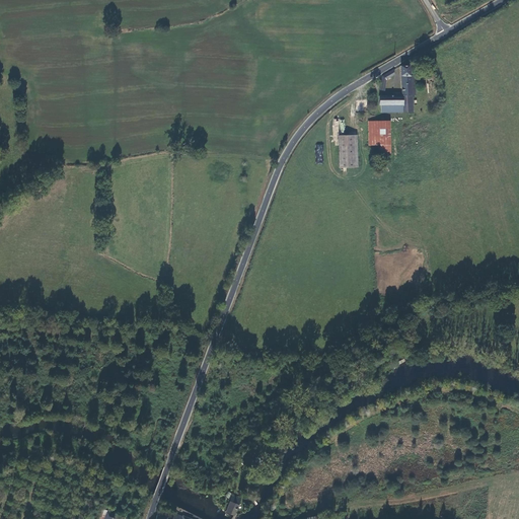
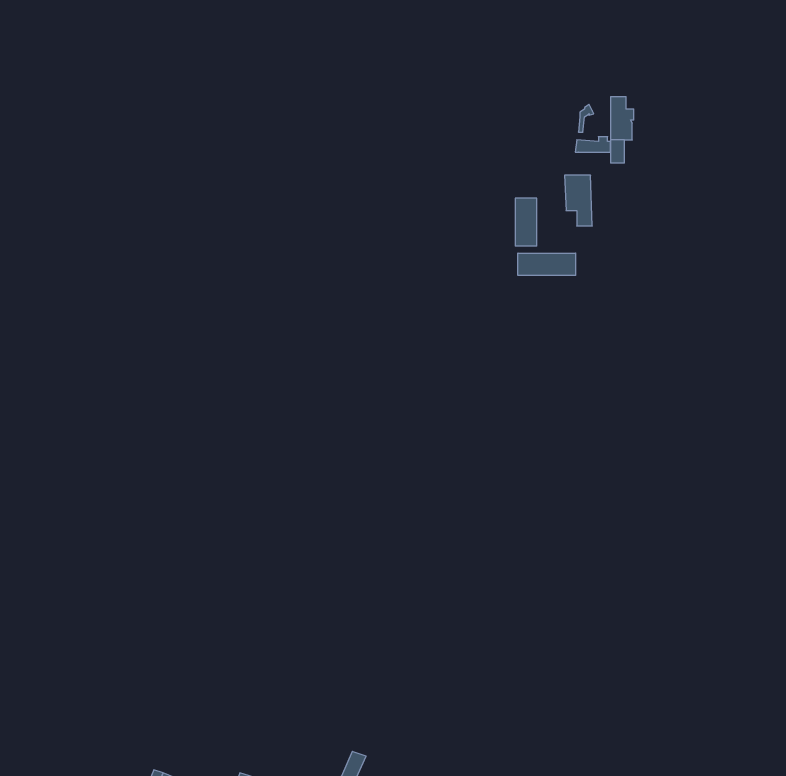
building: none -> [518,253,576,275]

